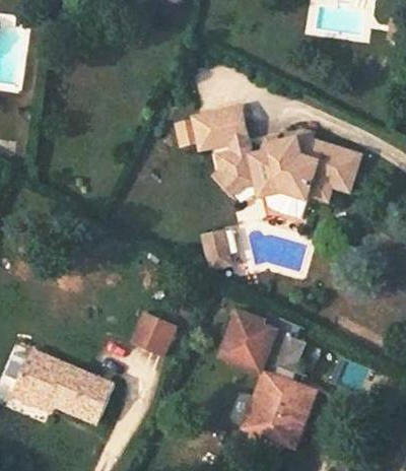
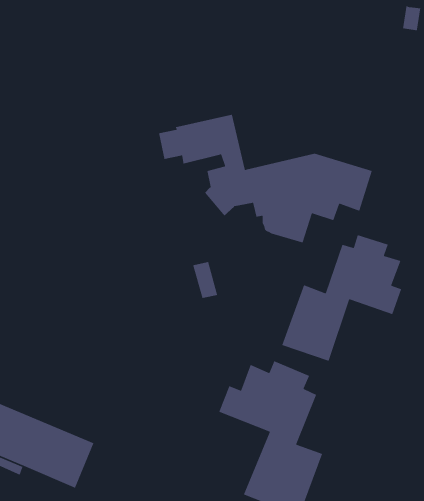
building: none -> [281,234,402,362]
building: [134,312,181,355] -> none

